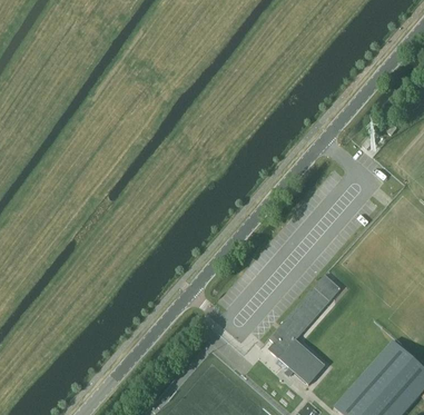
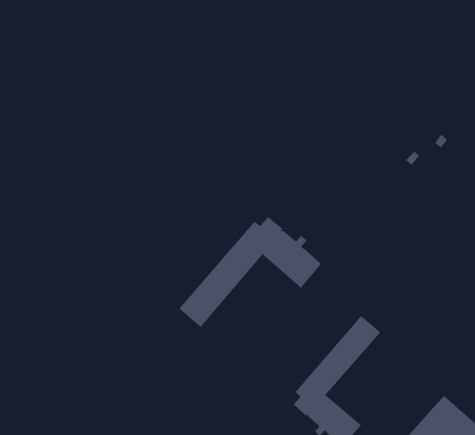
building: none -> [178,216,322,328]

